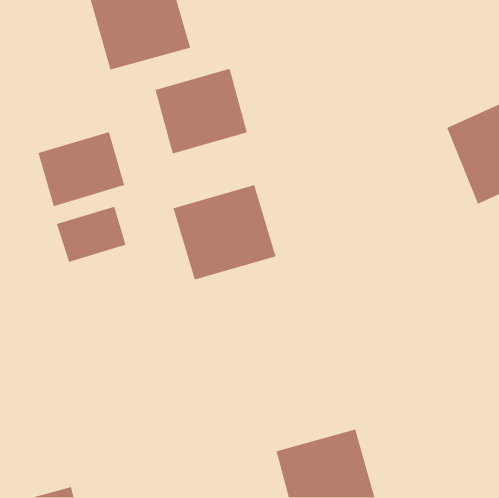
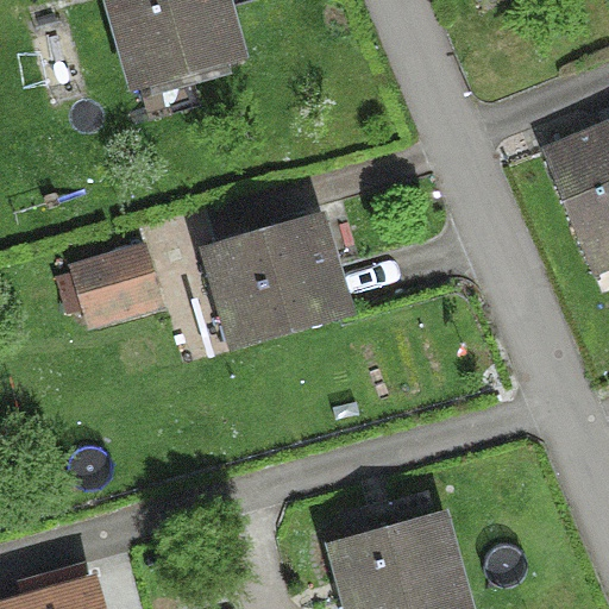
building: [155,68,248,154] -> none
building: [38,131,125,207] -> none

